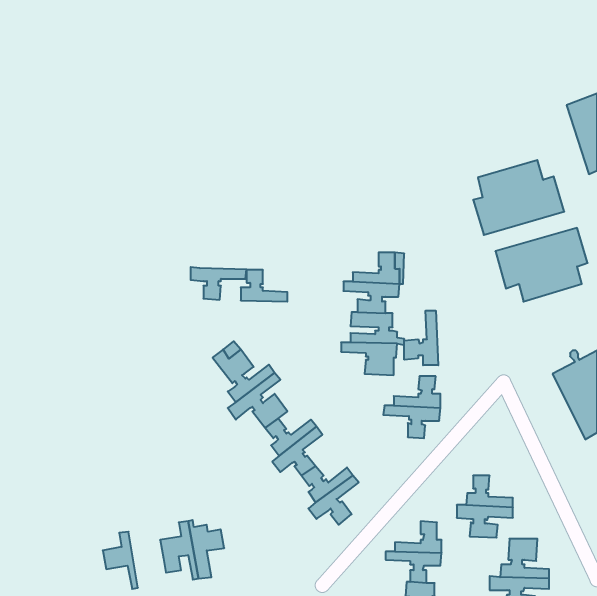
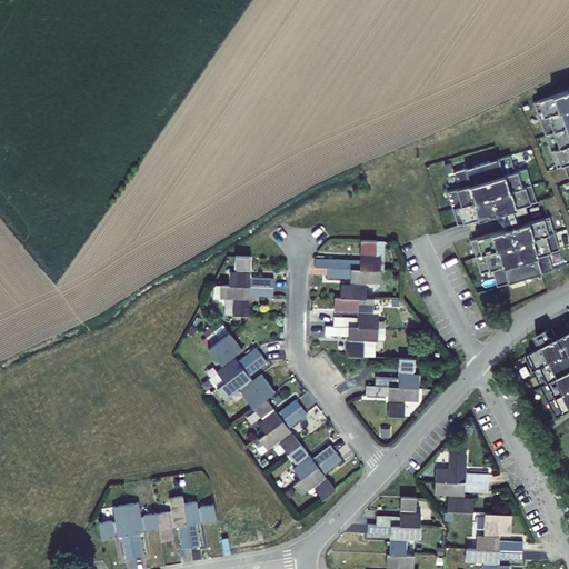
building: [191,267,247,300] -> [220,286,273,317]
building: [404,311,438,365] -> none
building: none -> [122,503,156,560]

